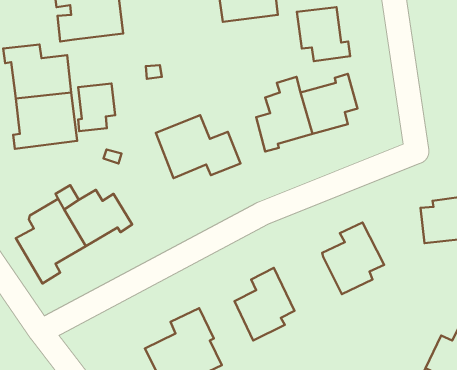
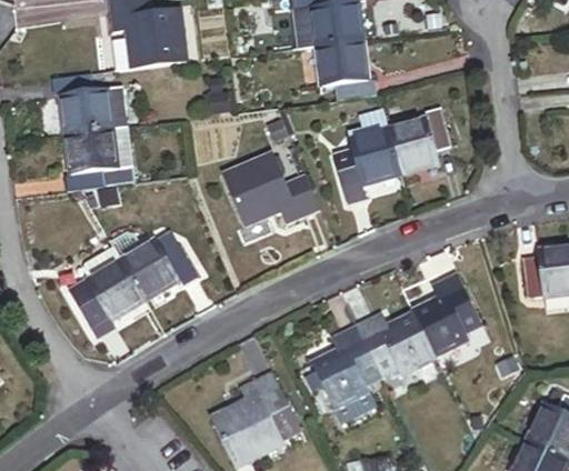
building: [297,7,350,61] -> [317,40,377,101]
building: [78,83,115,131] -> none
building: none -> [357,313,435,374]

